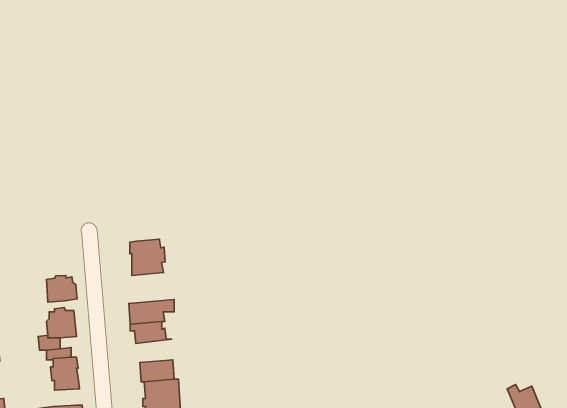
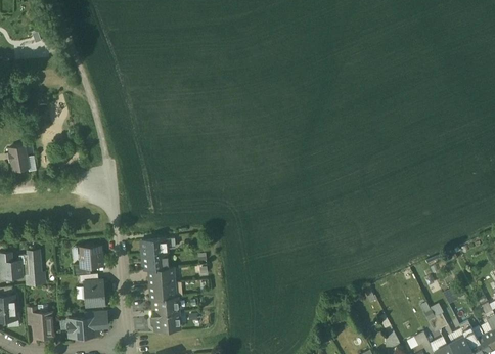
building: [130,239,165,276] -> none
building: [47,275,77,302] -> none
building: none -> [147,267,175,284]

